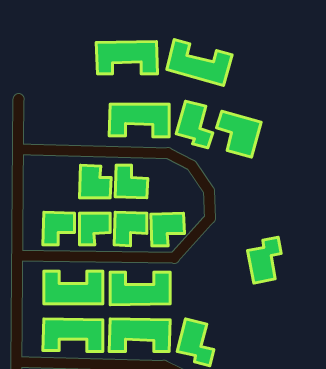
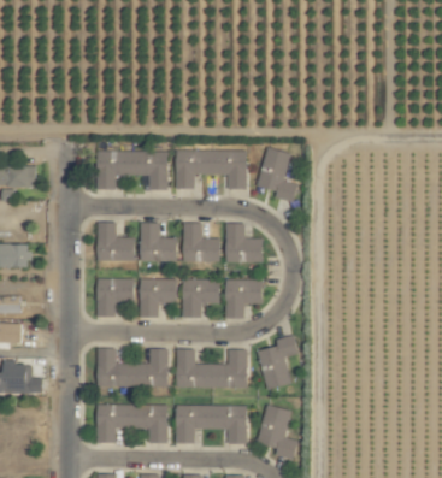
building: [167,40,232,85] -> none
building: [96,41,157,74] -> [95,151,167,189]
building: [217,111,261,157] -> none
building: none -> [96,223,135,261]
building: none -> [226,223,264,262]
building: [248,237,281,283] -> [258,335,297,389]

